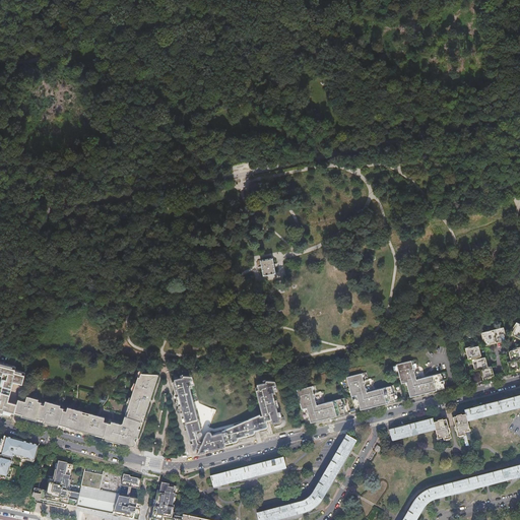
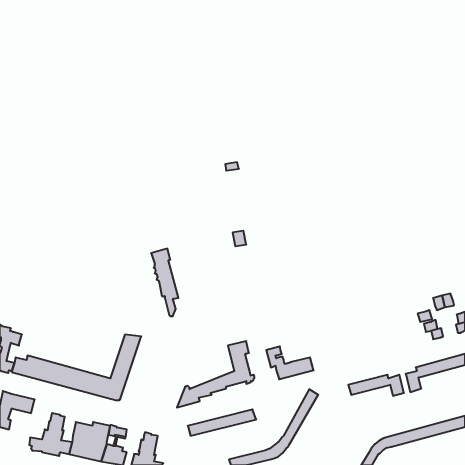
building: [396,361,445,397] -> none
building: [346,373,398,409] -> none
building: [171,375,201,450] -> [151,249,178,316]

